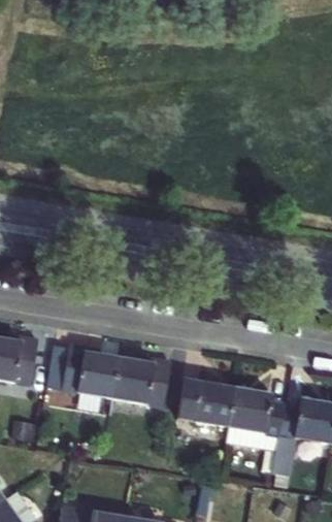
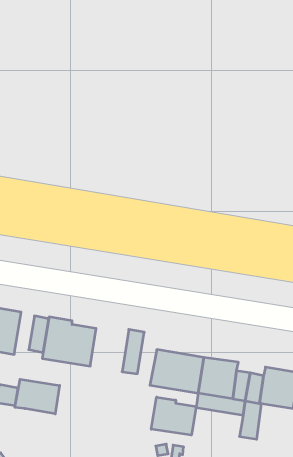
building: [113,357,155,403] -> none
building: none -> [15,379,60,414]
building: none -> [151,397,196,435]

